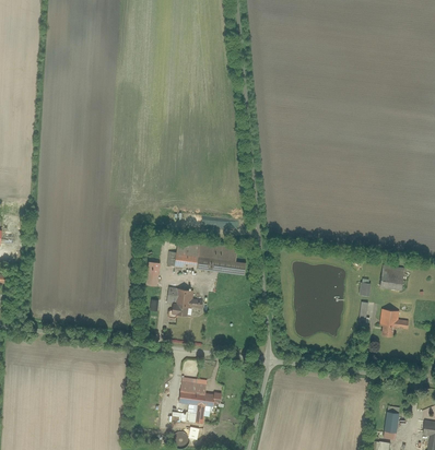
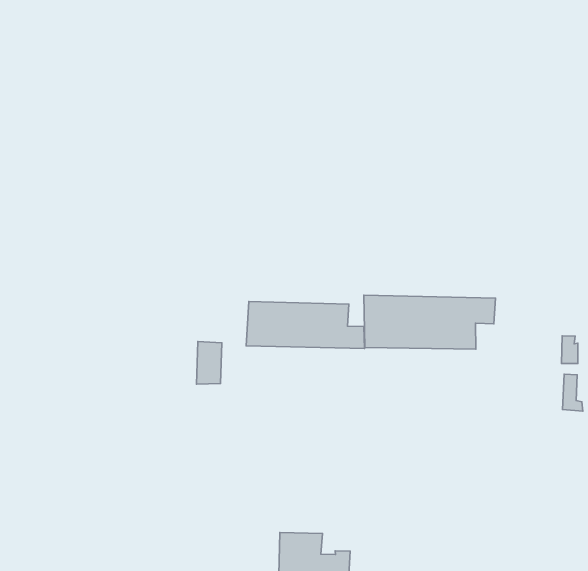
building: none -> [364,295,496,349]
building: [166,286,204,319] -> none

